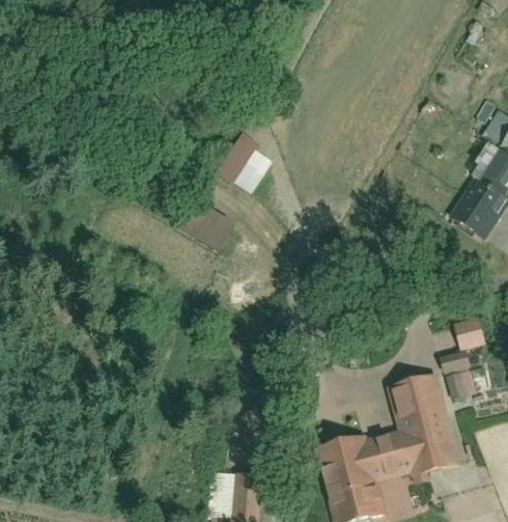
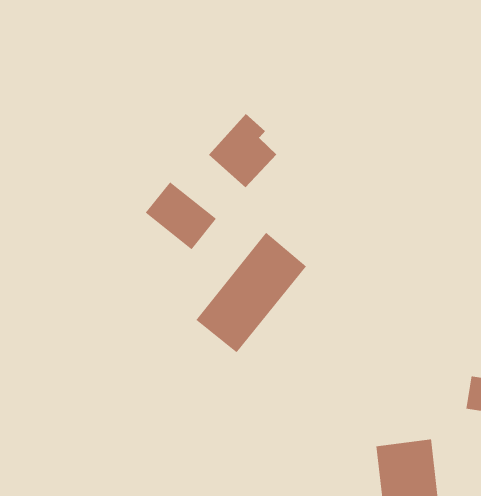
building: none -> [195,232,307,353]
building: [445,358,474,395] -> none

